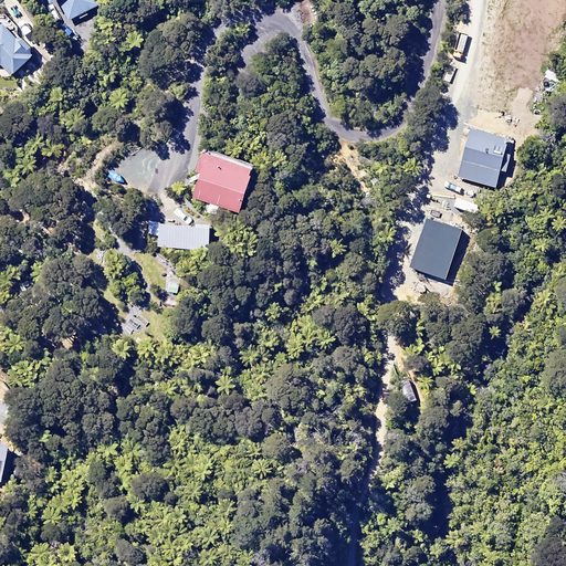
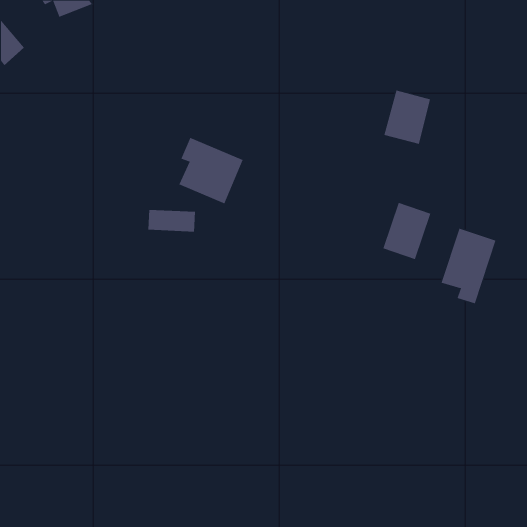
building: [458,128,509,187] -> [383,90,431,144]
building: none -> [441,228,496,304]

